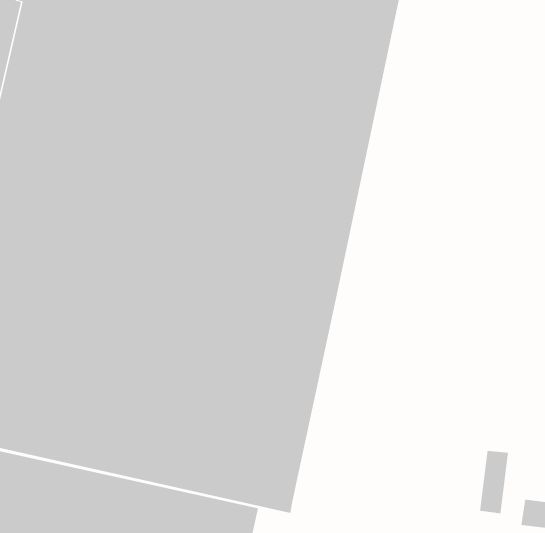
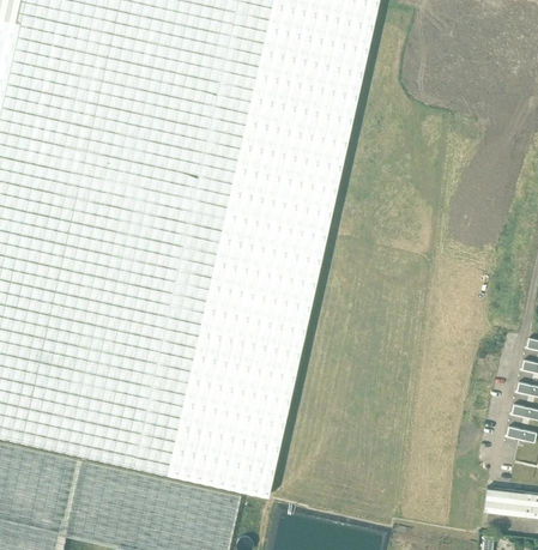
building: [480,450,508,514] -> none

